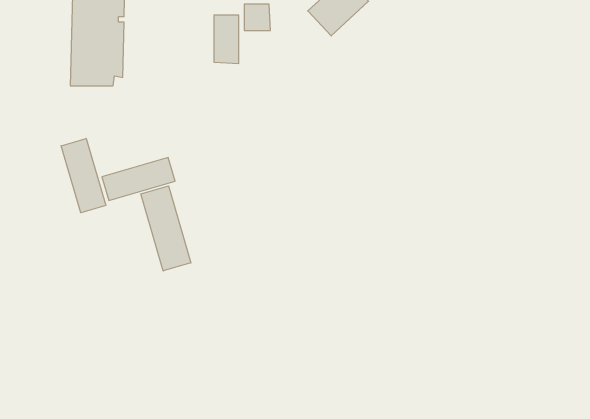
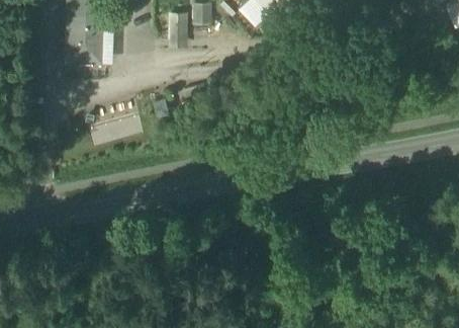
building: [61,138,106,213] -> none
building: [141,186,191,271] -> none

